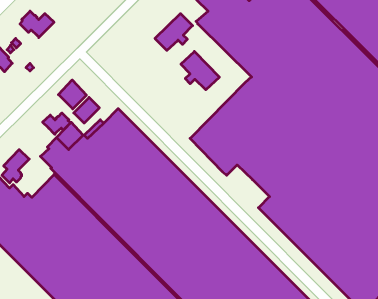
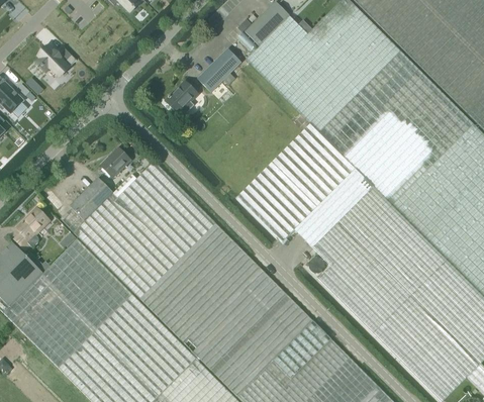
building: none -> [164,80,197,113]
building: [181,51,219,90] -> none
building: [58,80,86,109] -> none
building: [43,113,70,134] -> none

